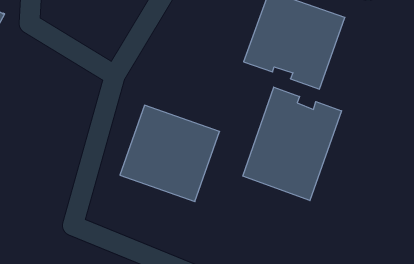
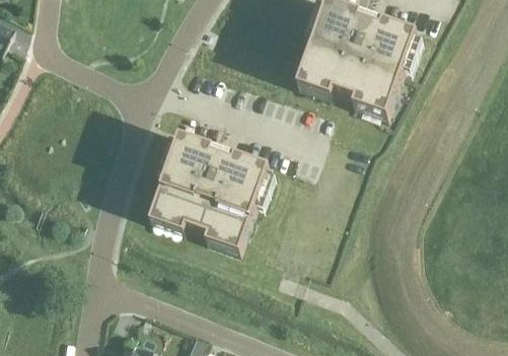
building: [243,87,342,201] -> none

